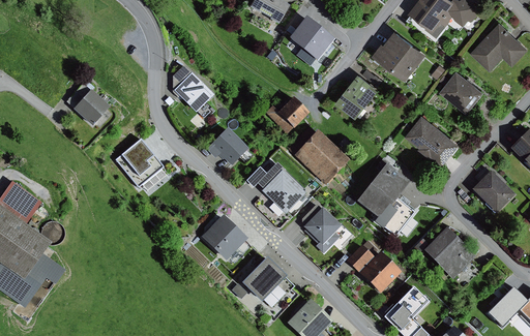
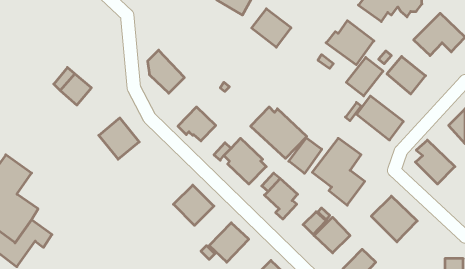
building: [337,74,379,118] -> [346,57,383,96]
building: [265,98,310,135] -> none
building: none -> [289,138,322,173]

